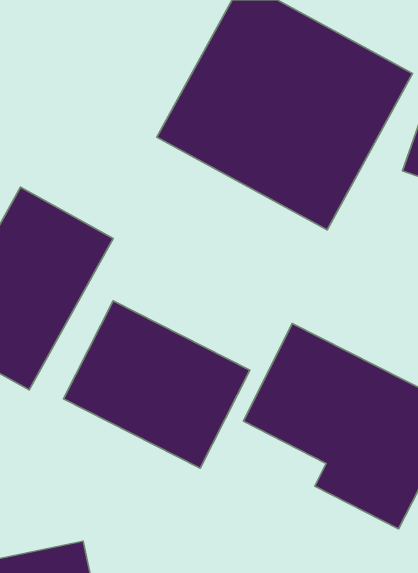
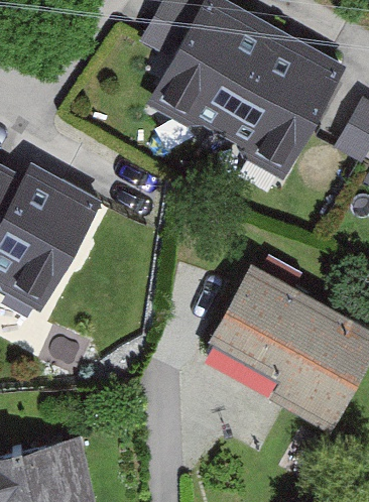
building: [63,301,250,468] -> none

